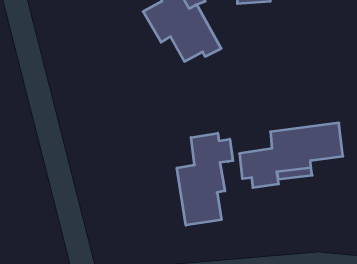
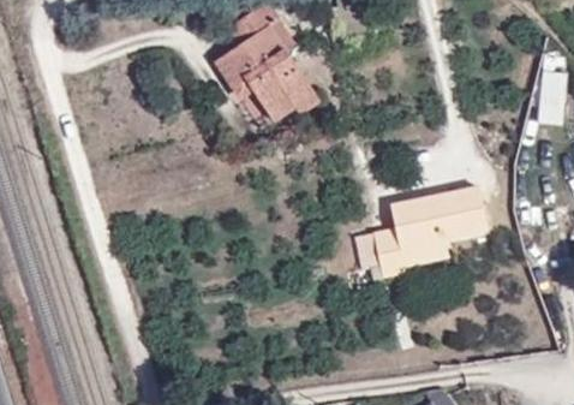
building: [177,133,233,225] -> none

